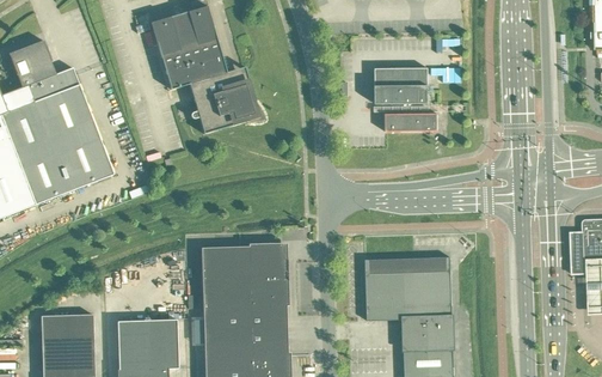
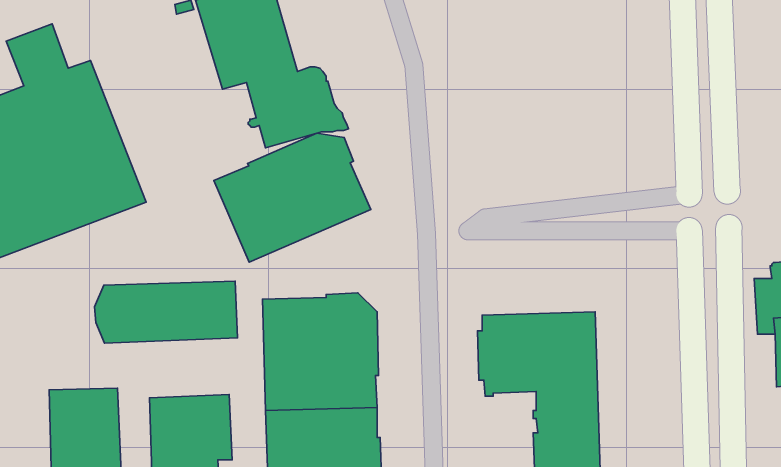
building: [375,67,438,130] -> none
building: none -> [214,133,371,262]
building: none -> [95,281,238,343]

